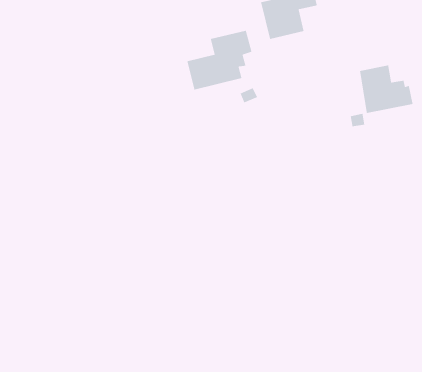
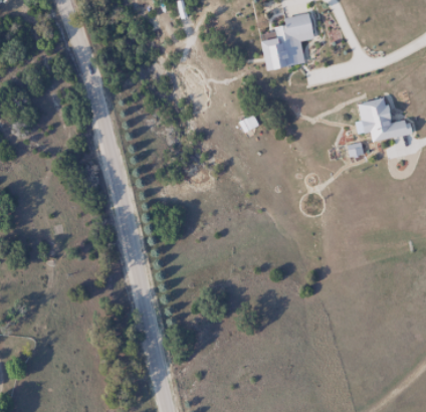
building: [186,30,252,90] -> none

